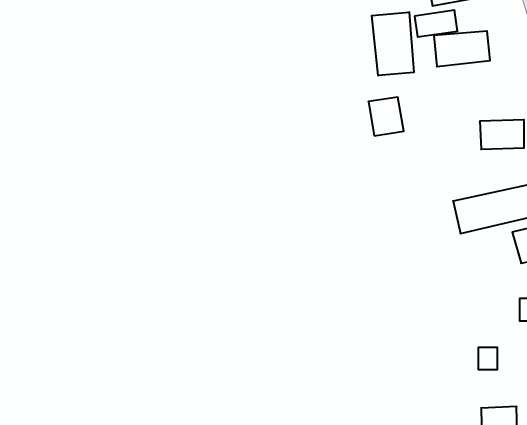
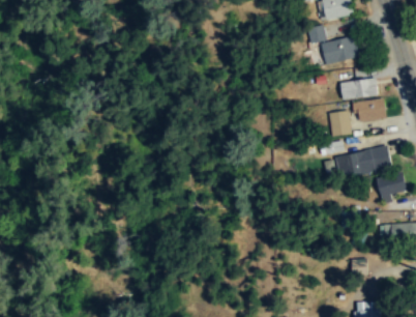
building: [372,12,414,76] -> none
building: none -> [341,78,378,97]
building: [368,97,404,136] -> [328,110,353,137]

